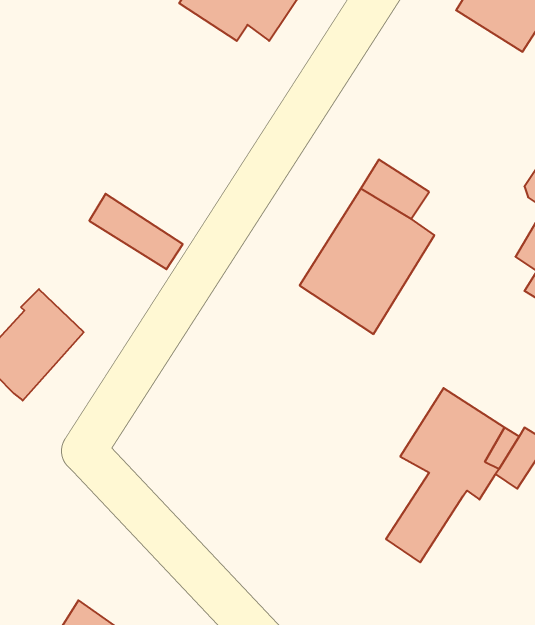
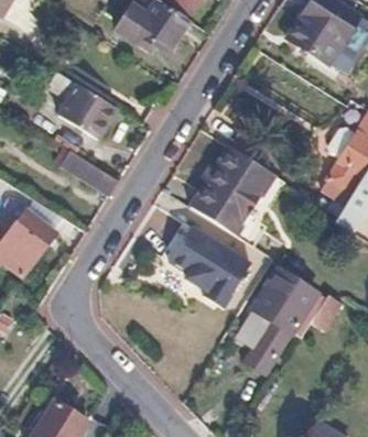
building: none -> [47,72,116,139]
building: none -> [169,225,250,306]

